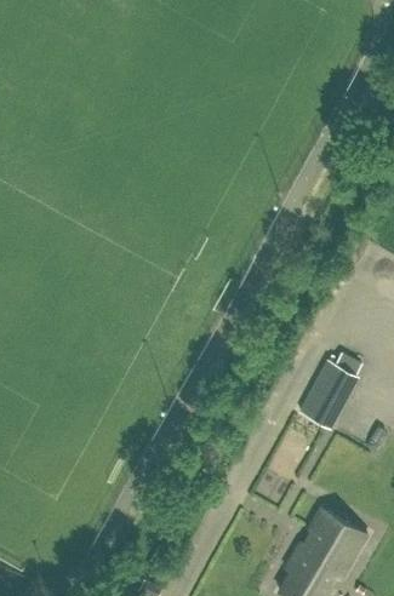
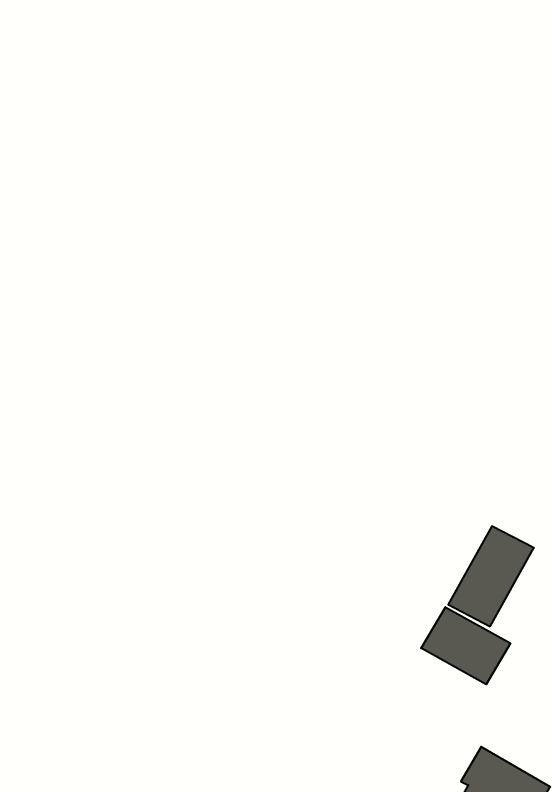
building: none -> [421,607,510,684]

